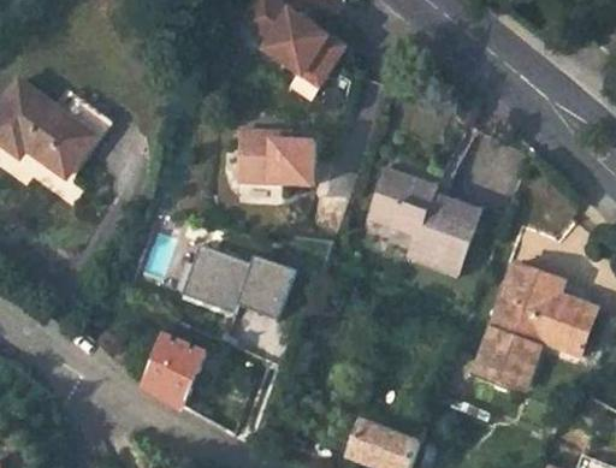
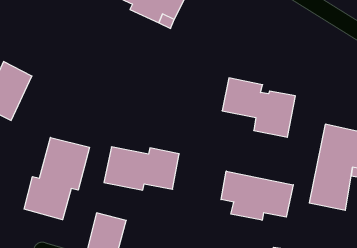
building: [235,131,310,185] -> none
building: none -> [24,137,89,220]
building: none -> [221,171,293,220]

